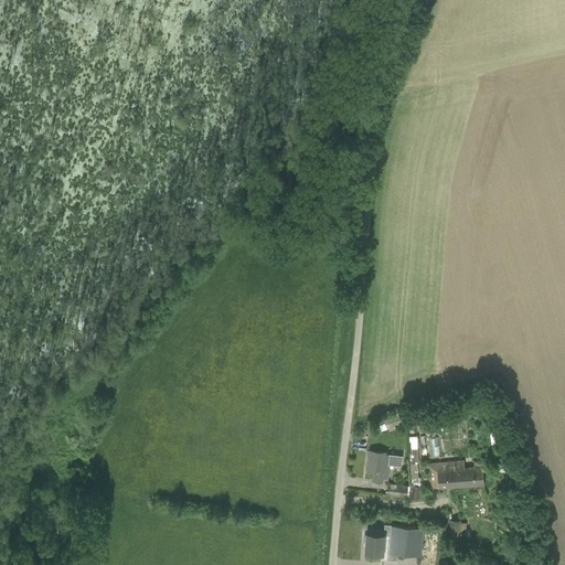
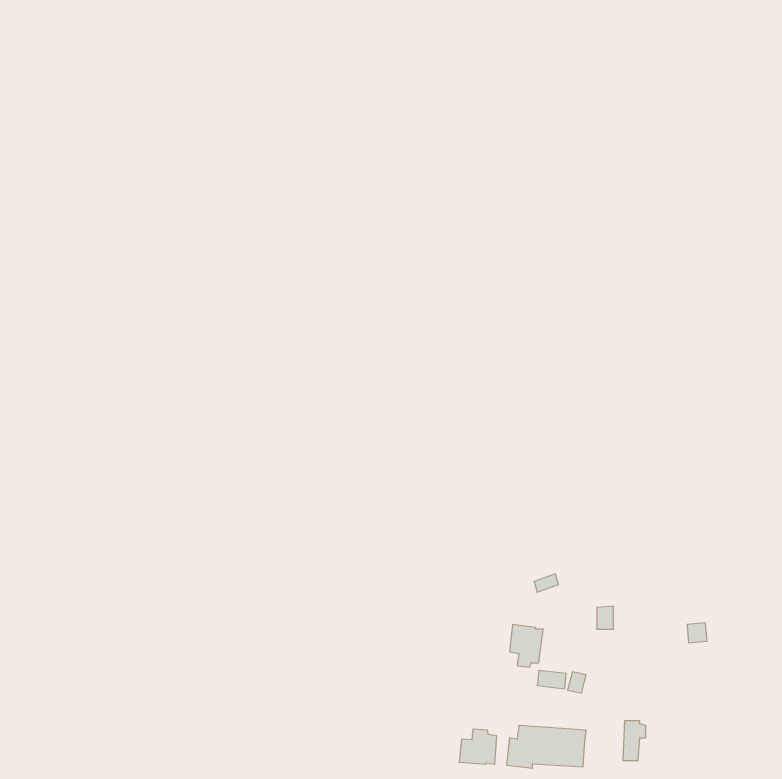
building: [427,462,484,489] -> none
building: none -> [459,729,496,765]

